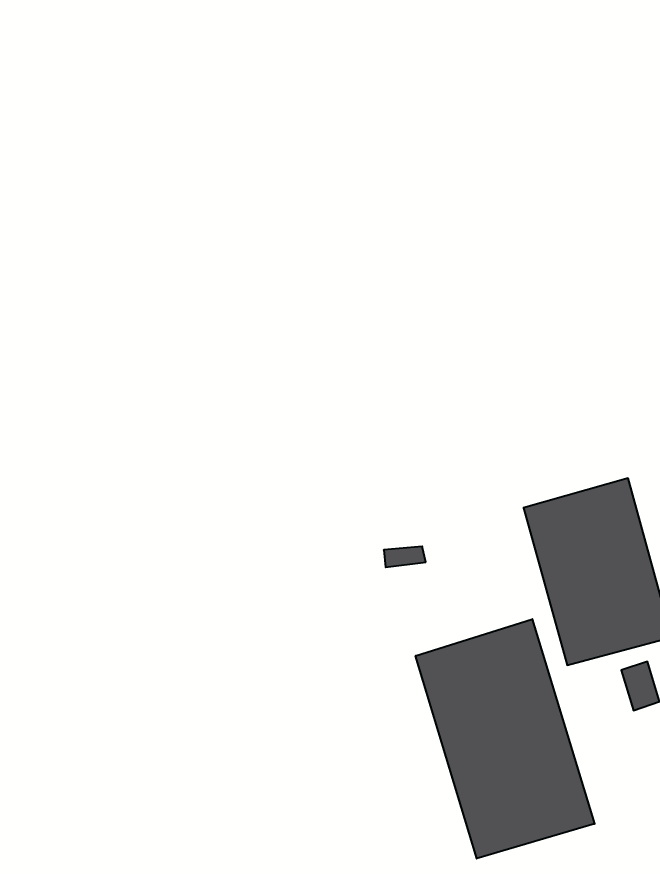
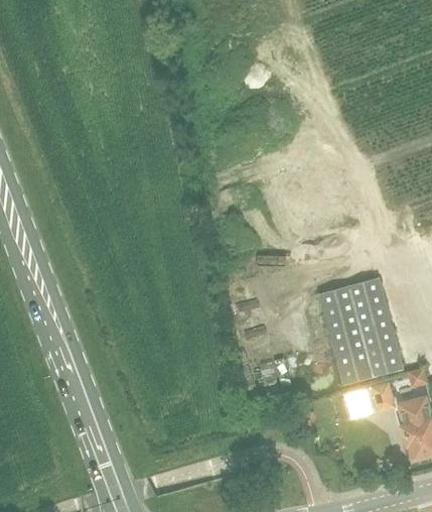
building: [416,619,595,859] -> none

